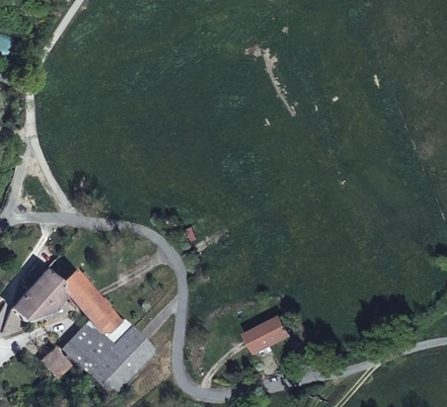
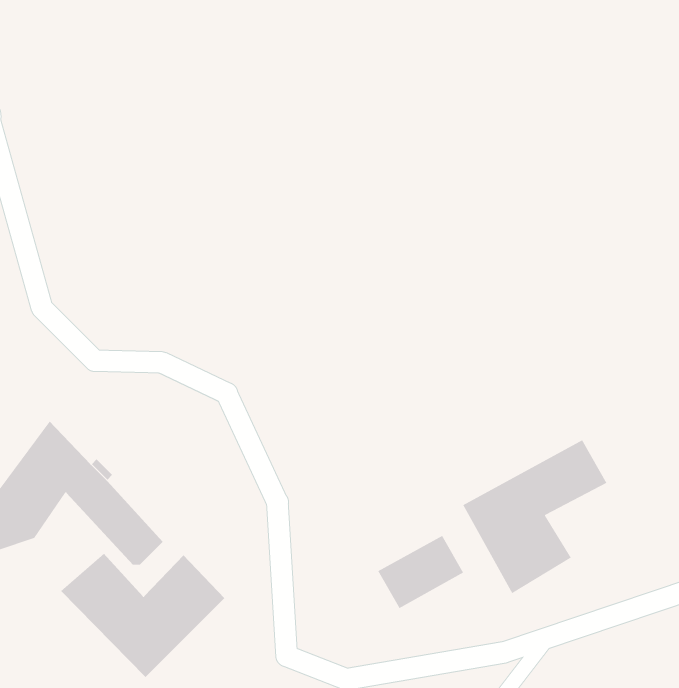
building: none -> [462,439,608,594]
building: [42,347,71,378] -> none

